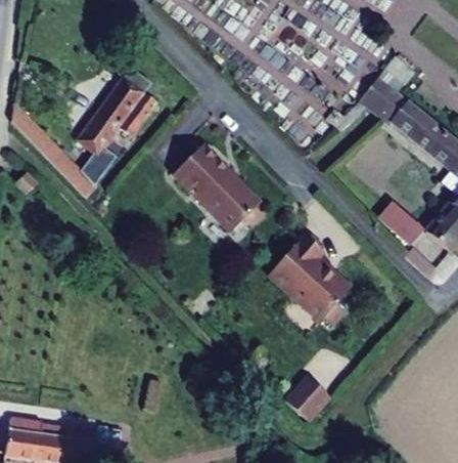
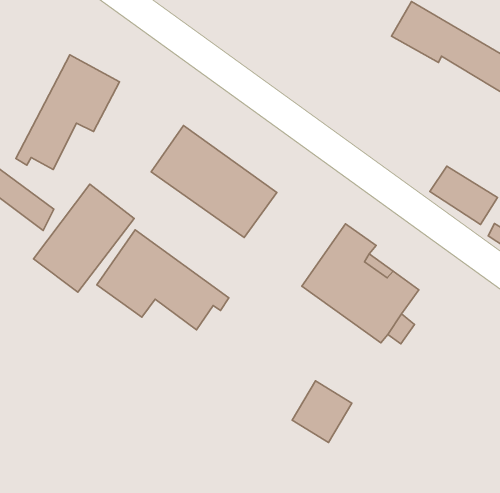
building: none -> [34,184,134,292]
building: none -> [97,230,229,330]
building: [283,375,328,421] -> [292,381,352,442]

